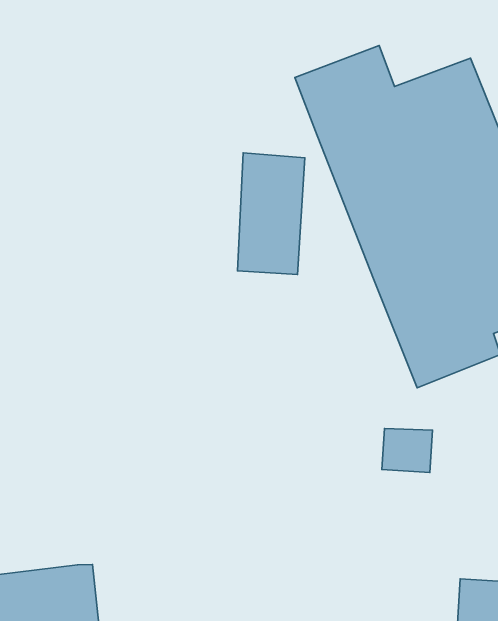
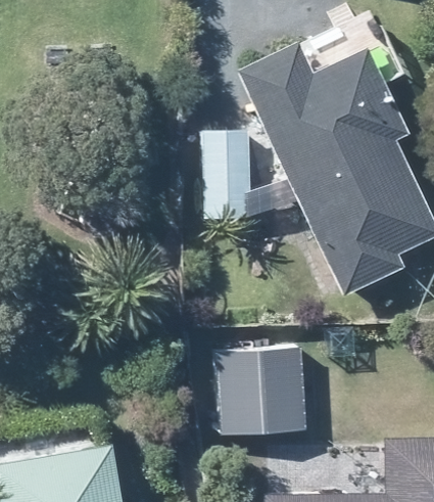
building: none -> [218,351,304,432]

